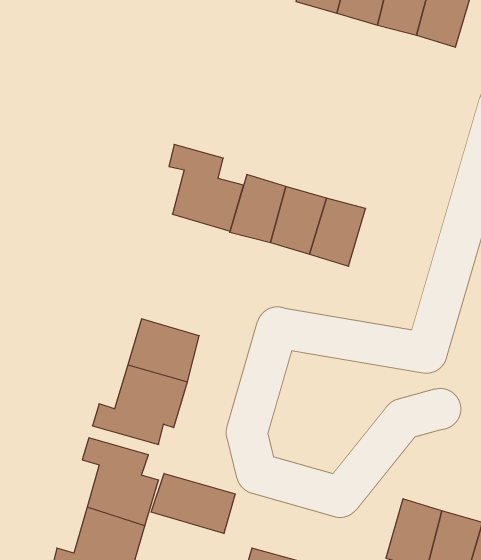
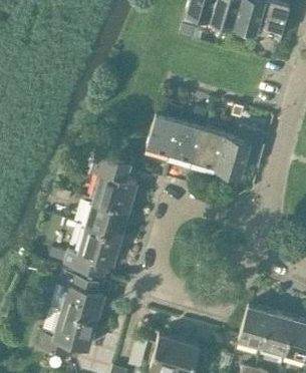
building: [169,144,244,231] -> [91,159,135,211]
building: none -> [216,127,263,176]
building: [151,473,235,534] -> none

